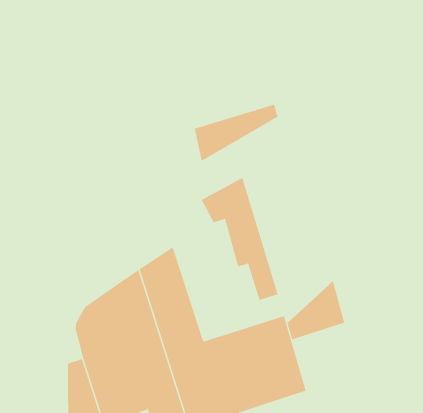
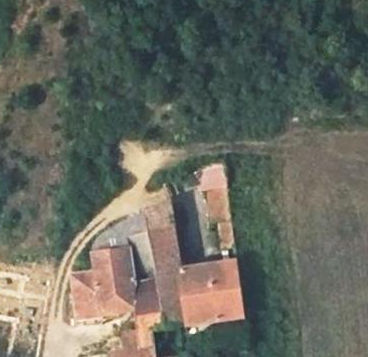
building: [194,104,278,162] -> none
building: [287,280,345,340] -> none

